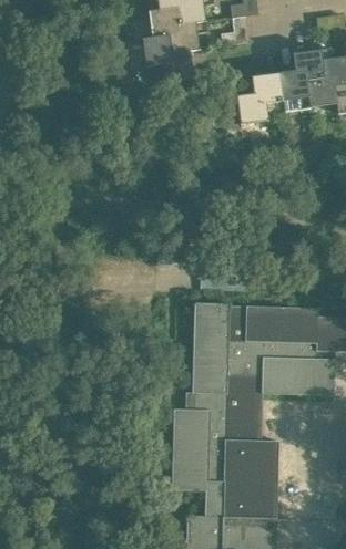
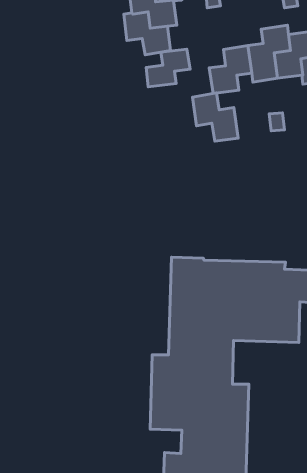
building: none -> [146,49,190,87]
building: none -> [193,93,238,141]

